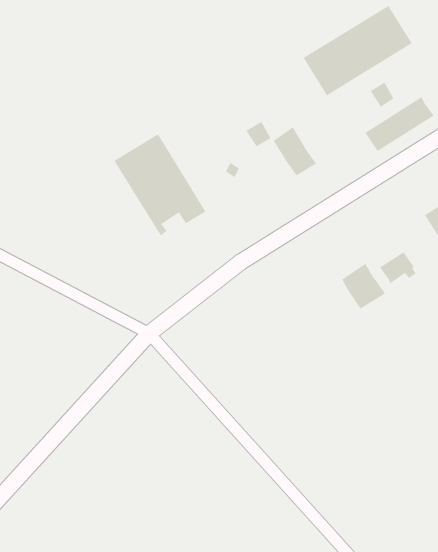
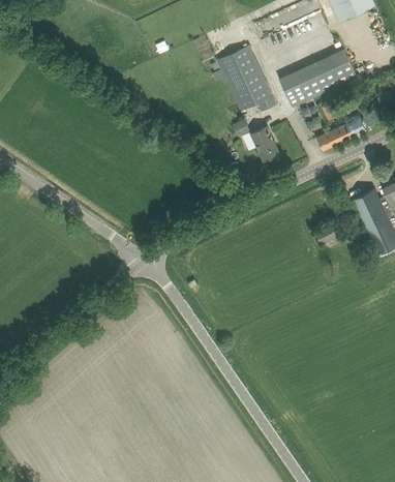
building: [113,133,206,236] -> [215,44,276,117]
building: [342,263,386,309] -> none

